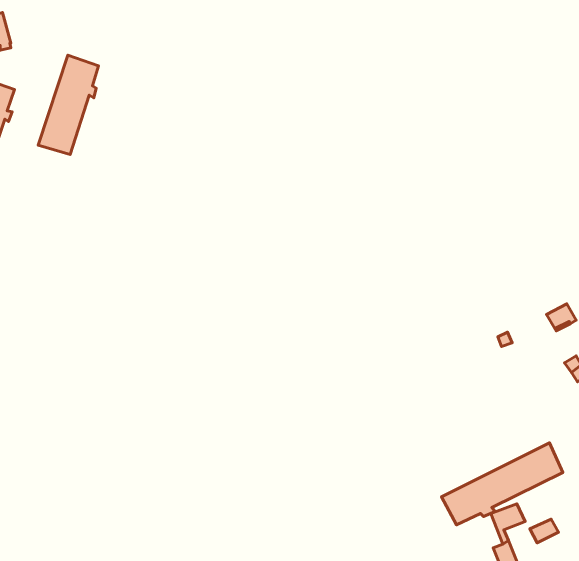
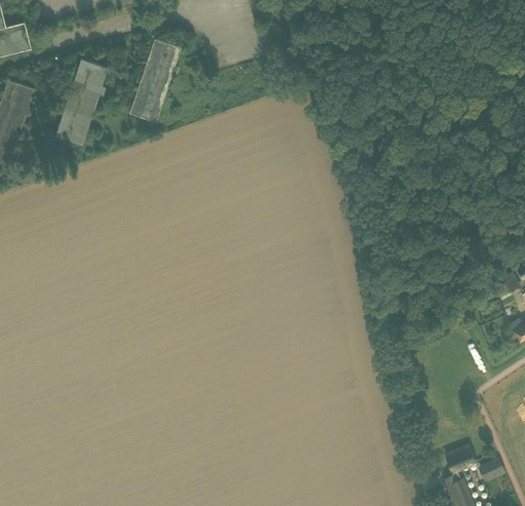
building: none -> [127,38,179,122]
building: [442,443,563,525] -> none

